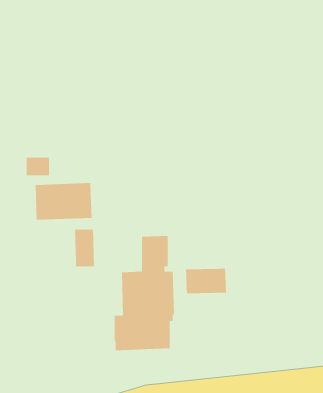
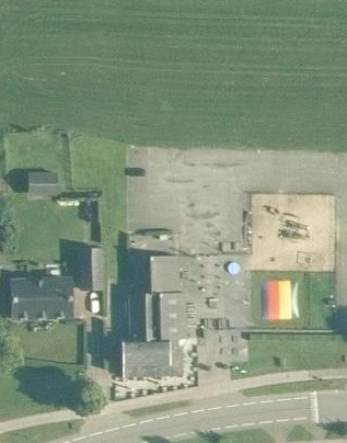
building: [35,183,92,220] -> [11,279,71,318]
building: [185,268,227,294] -> none

